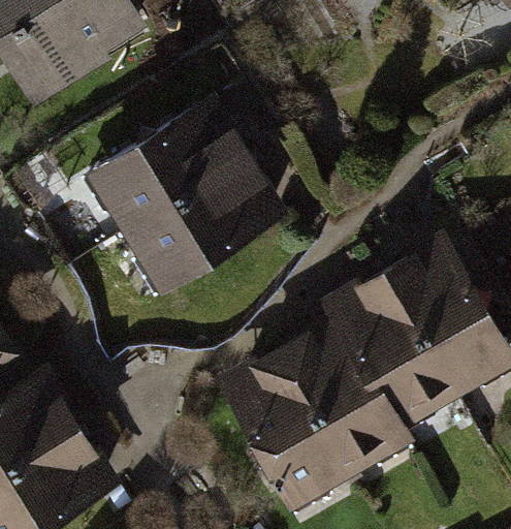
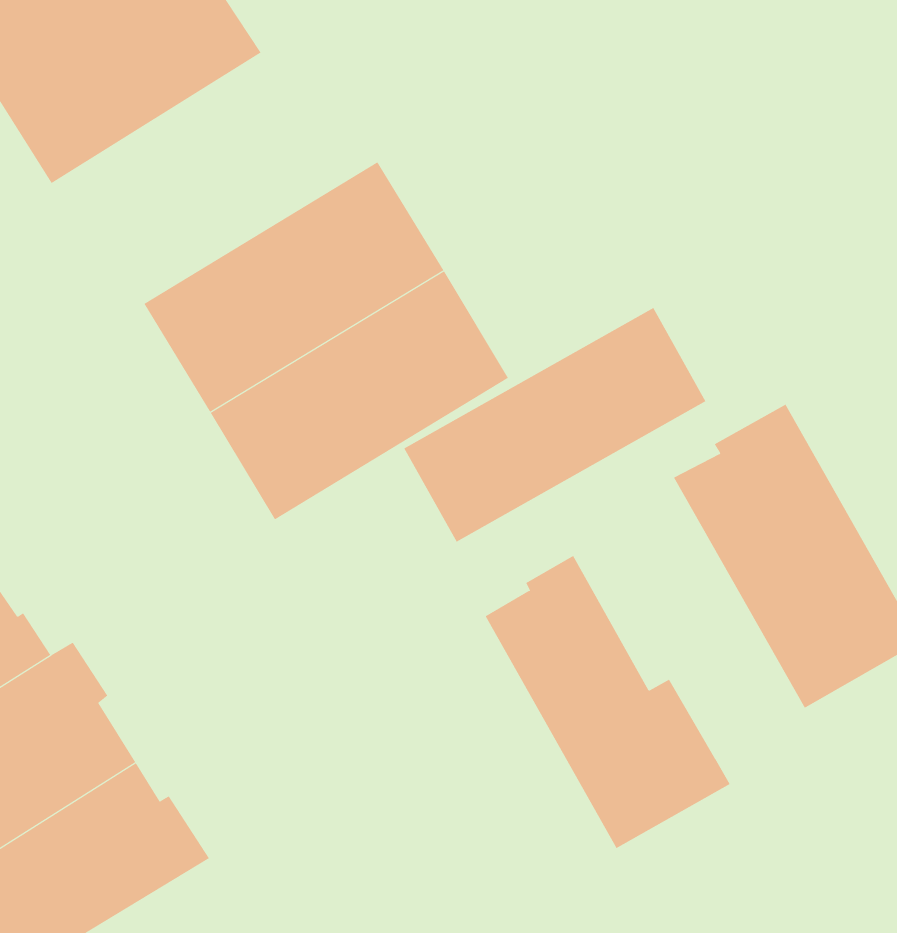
building: none -> [404,307,706,543]
building: [317,271,453,428] -> none
building: [213,348,348,511] -> none

